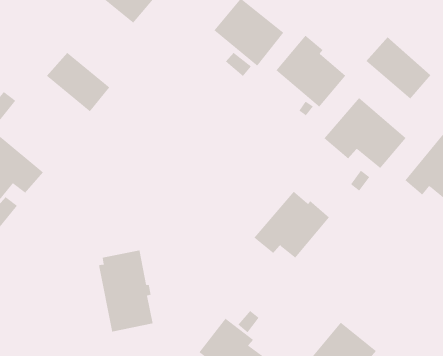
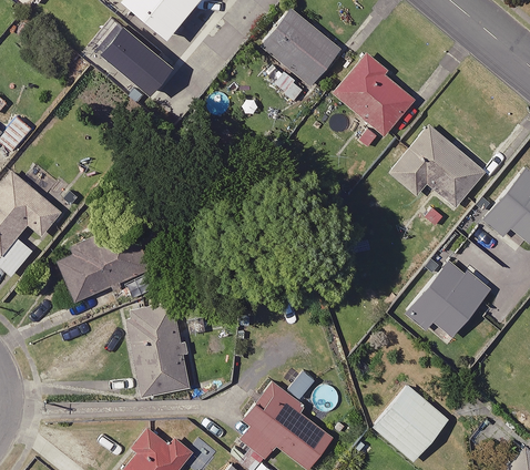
building: [366,37,431,100] -> none
building: [46,52,110,112] -> [99,25,173,95]
building: none -> [55,218,161,304]
building: [253,191,330,259] -> [401,259,490,338]

